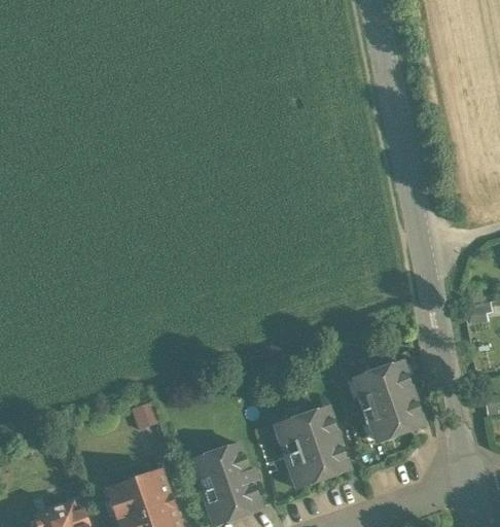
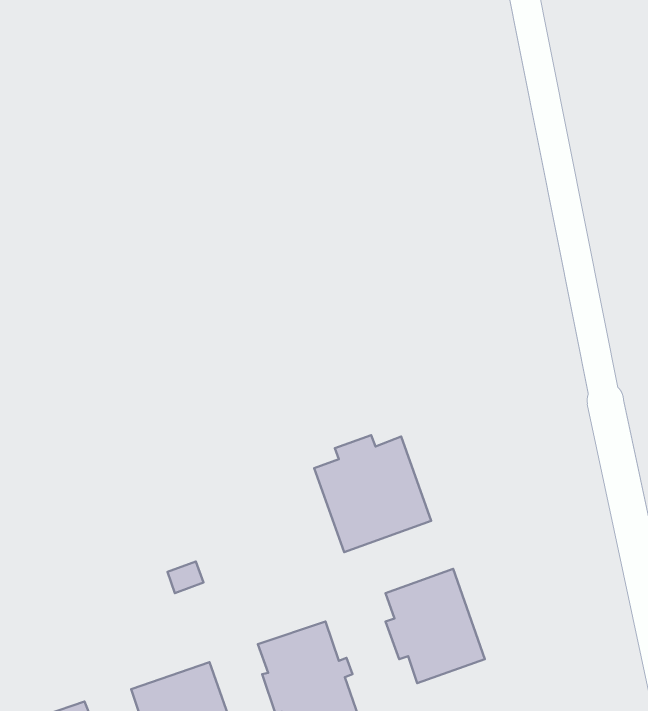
building: none -> [314,435,431,552]
building: [352,362,421,442] -> none

